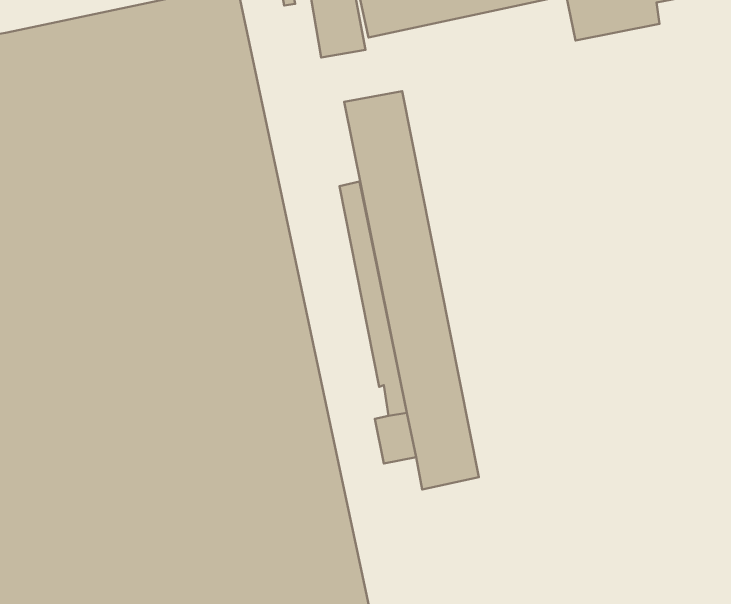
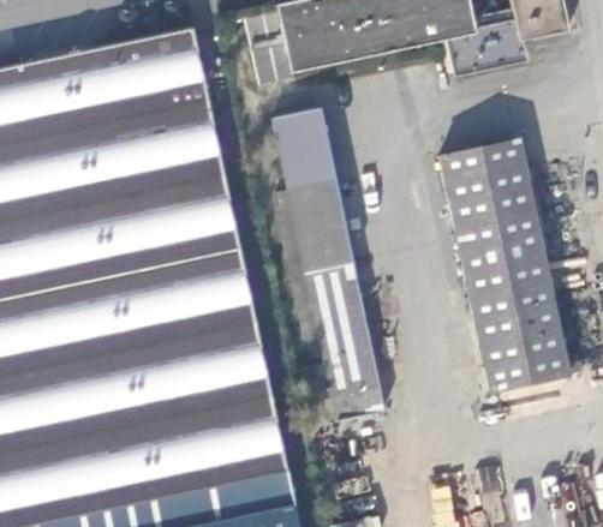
building: none -> [442,138,567,390]

